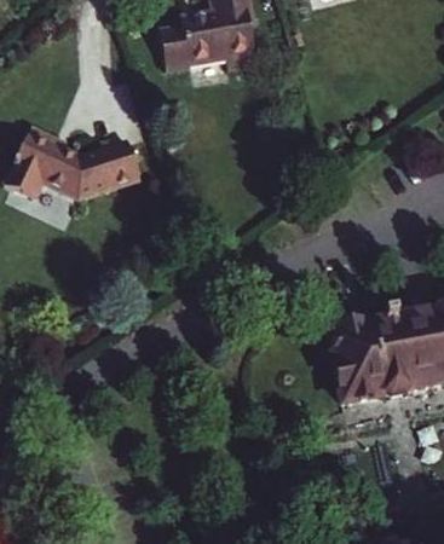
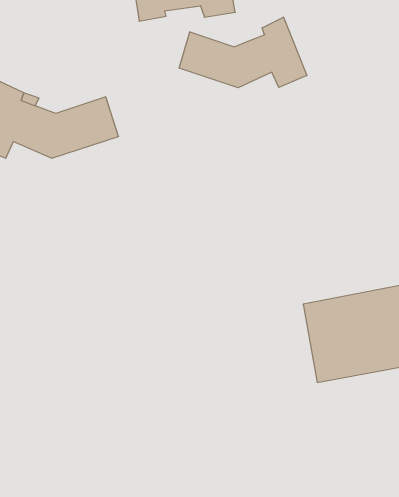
building: none -> [179,17,307,88]

